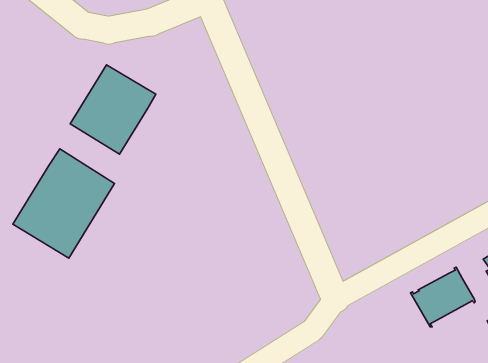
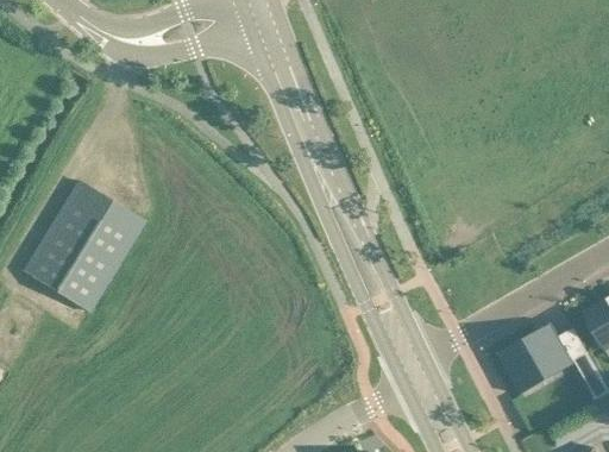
building: [70,65,156,154] -> none

